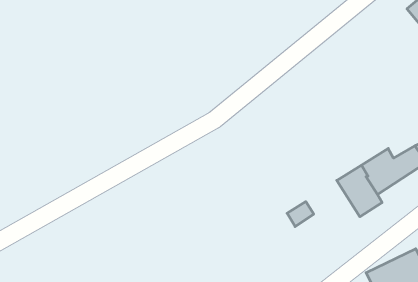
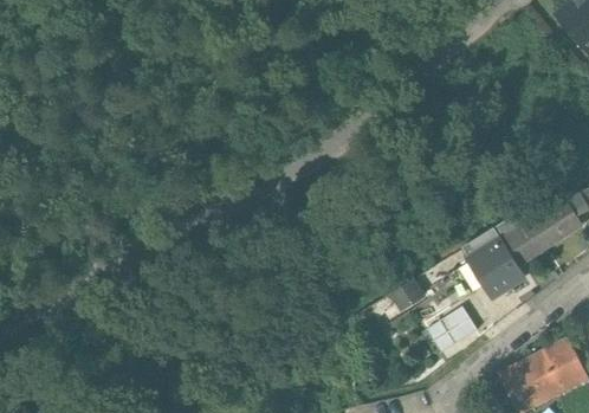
building: none -> [428,304,480,349]

